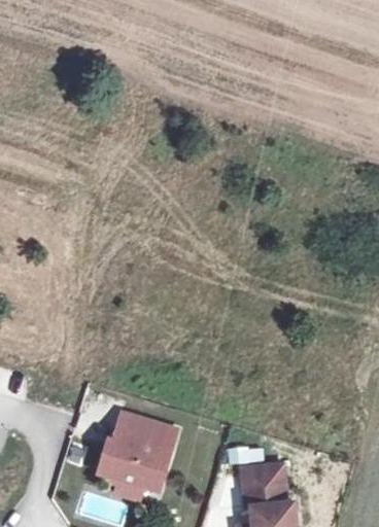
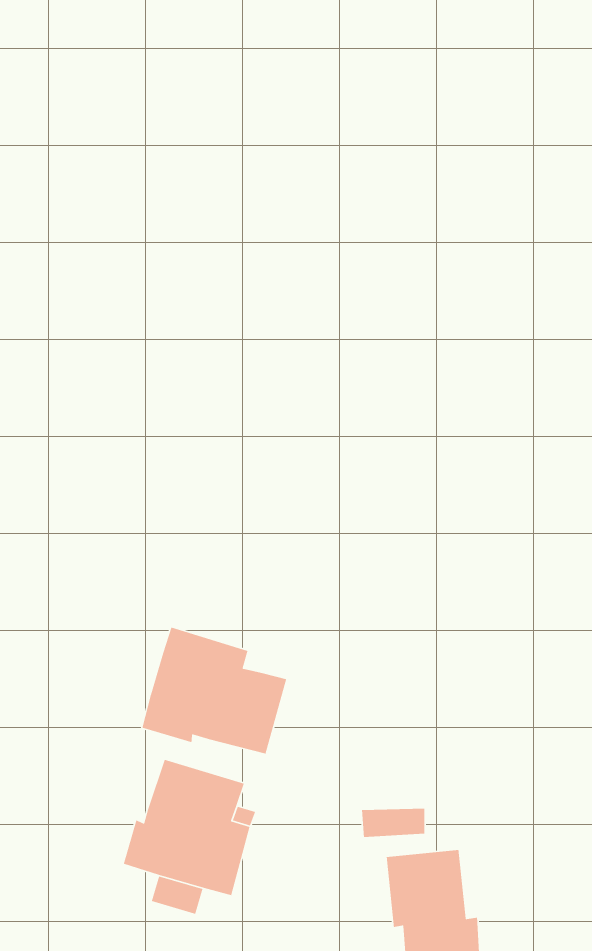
building: none -> [141,626,287,755]

